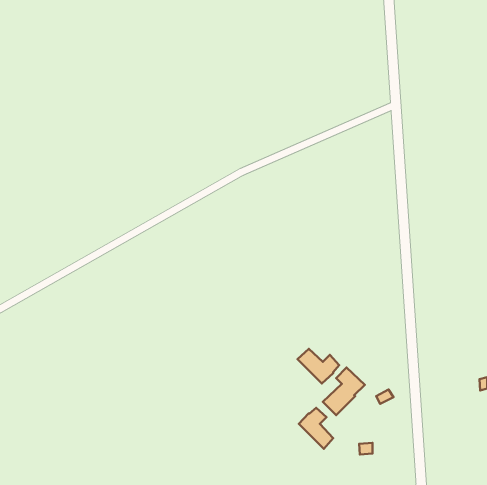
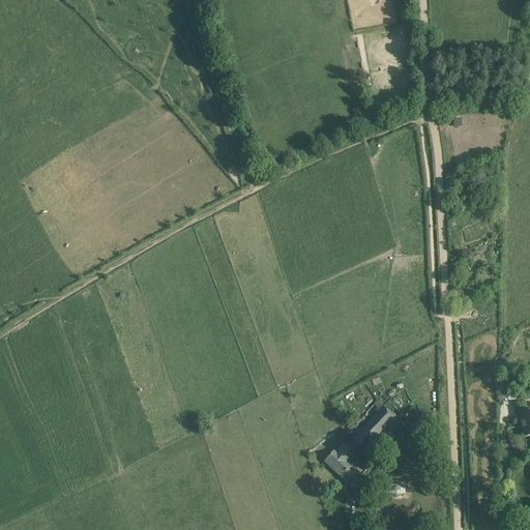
building: [297,349,339,383] -> none

